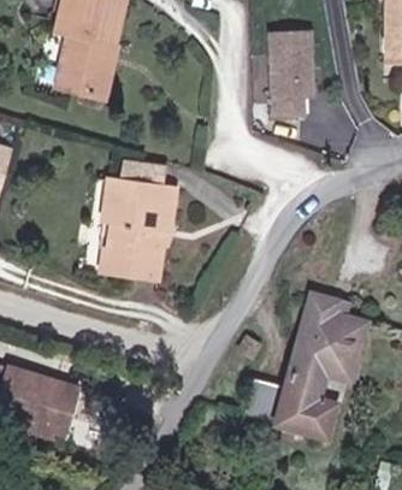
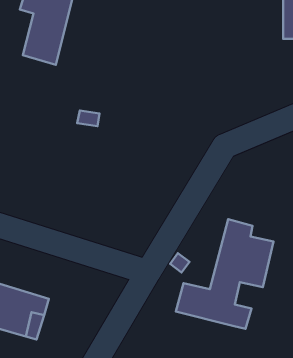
building: [270,30,313,119] -> none
building: [106,181,170,276] -> none

